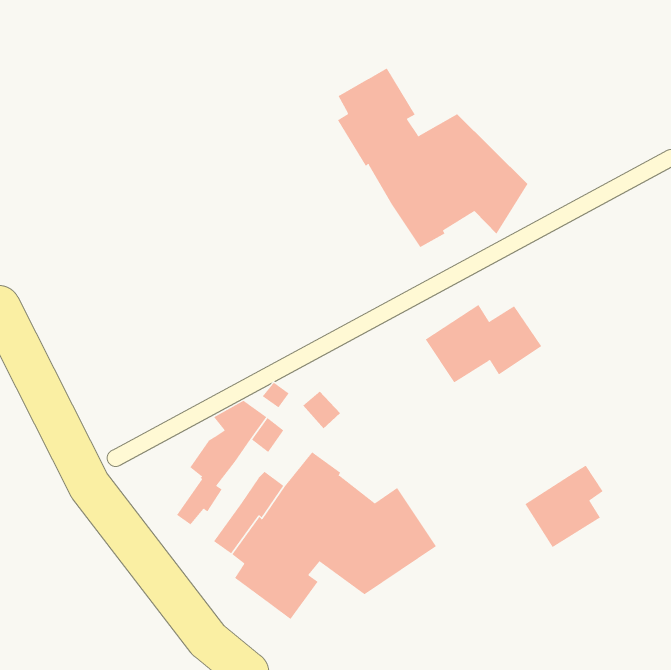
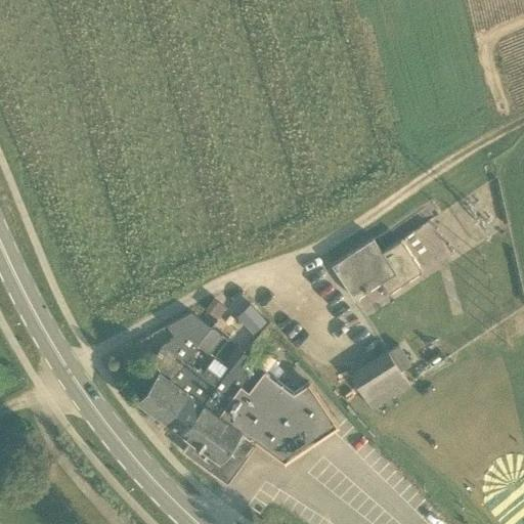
building: [337,68,528,248] -> none
building: none -> [148,361,201,423]
building: [524,465,603,548] -> [349,345,410,409]

